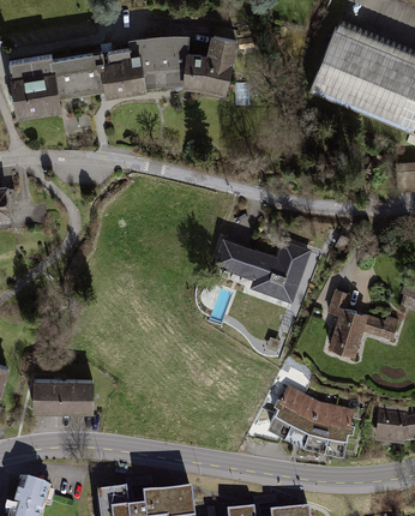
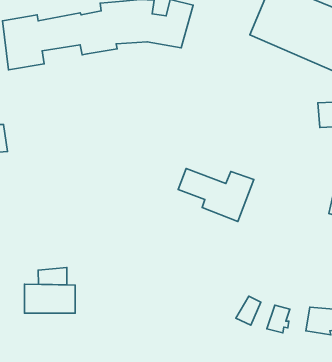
building: [327,289,398,358] -> none
building: none -> [38,268,67,285]
building: [273,388,306,421] -> none
building: [308,402,337,434] -> none

